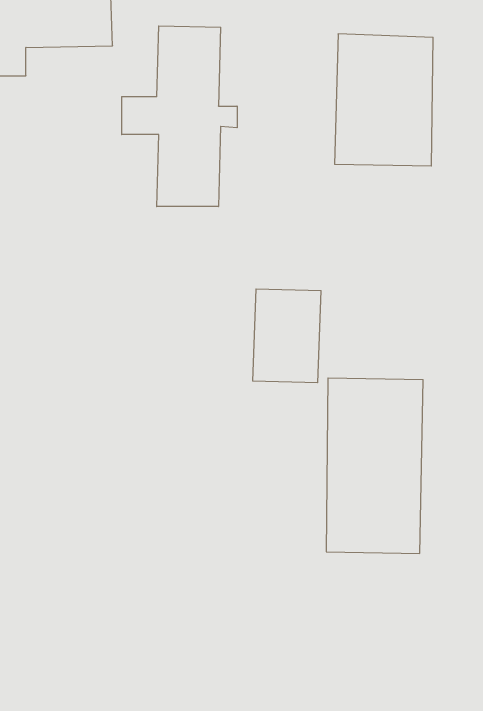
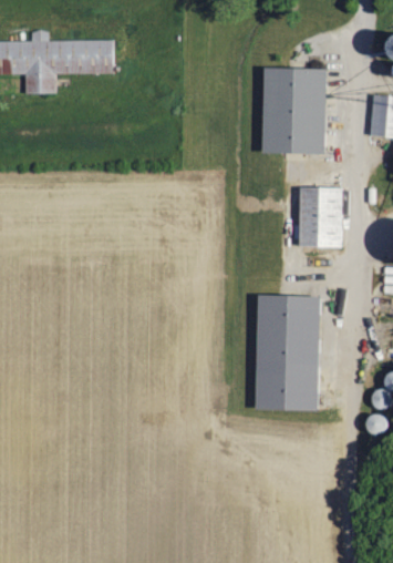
building: [122,26,237,207] -> none
building: [253,289,321,383] -> [297,186,342,248]

